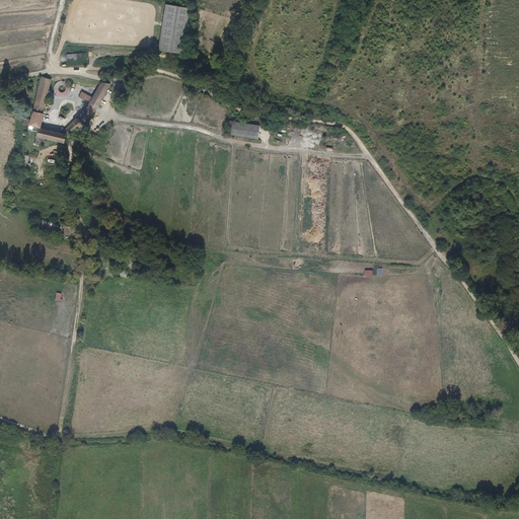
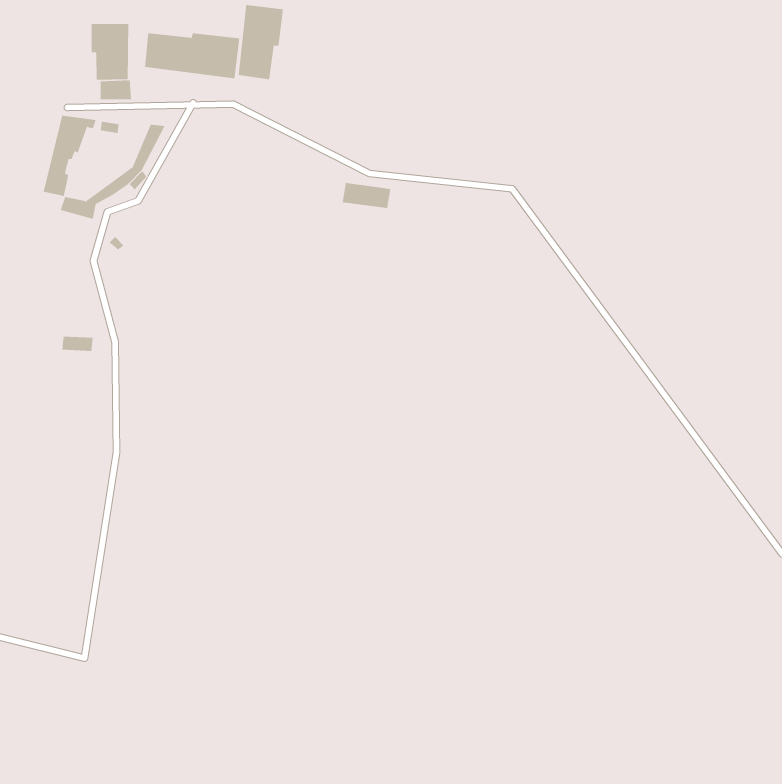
building: none -> [91,23,129,80]
building: none -> [144,32,240,79]

